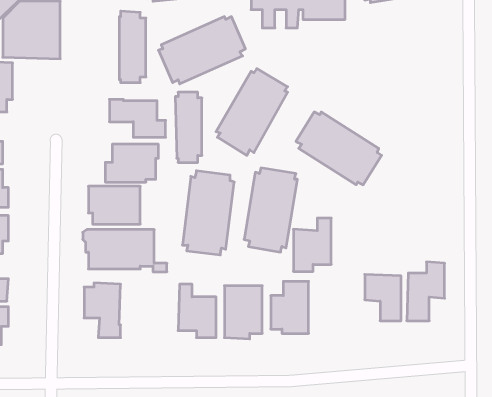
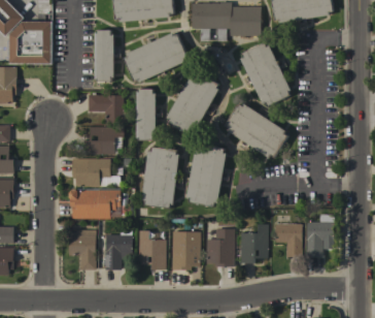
building: none -> [240,42,291,106]
building: [293,218,331,271] -> [240,224,268,263]
building: none -> [105,234,132,269]

